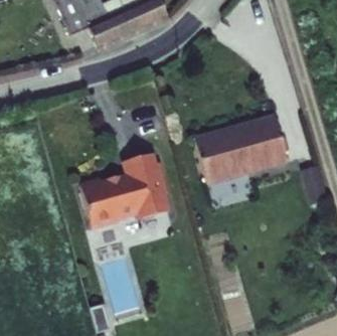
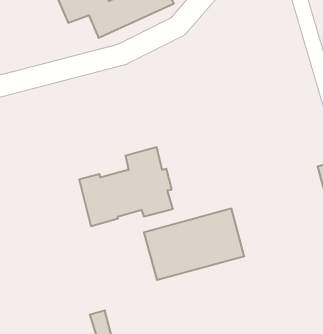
building: [194,116,288,182] -> [144,209,244,280]

